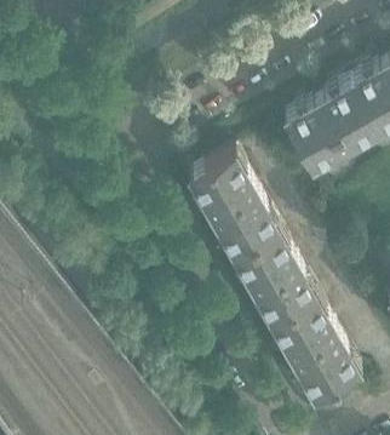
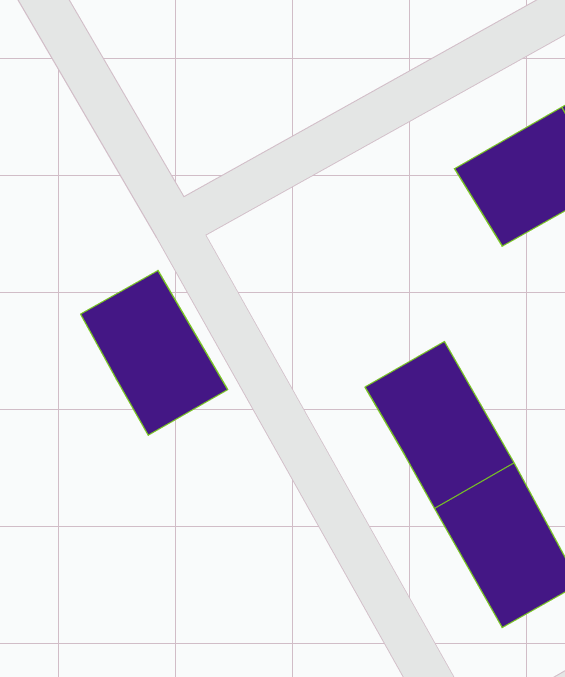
building: [188,150,277,251] -> [81,270,228,435]

